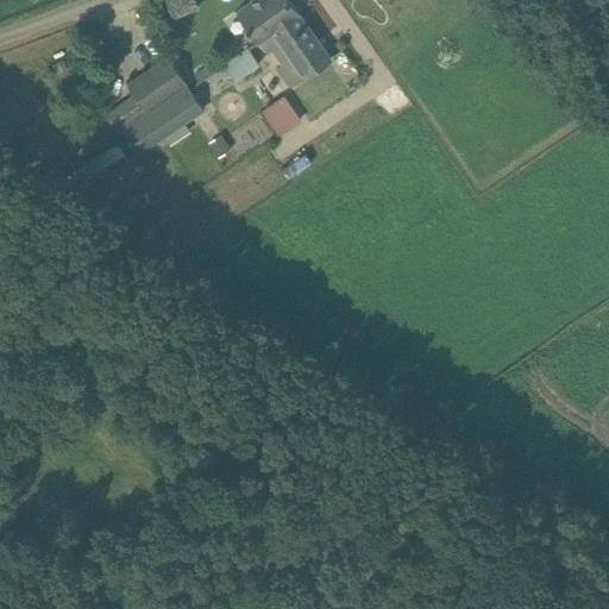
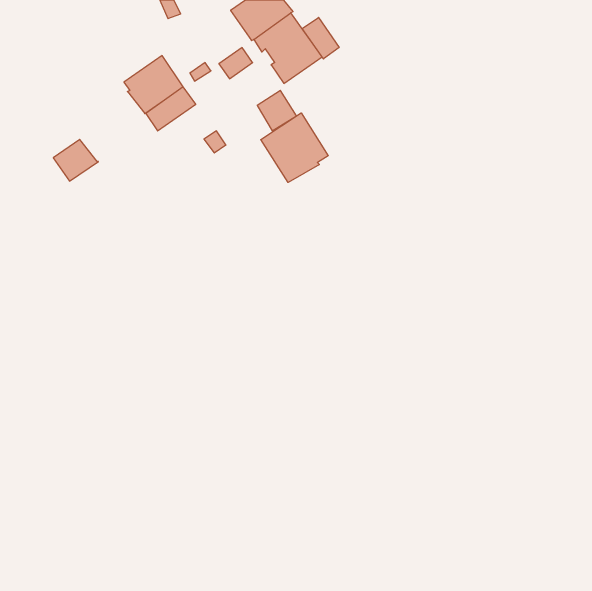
building: none -> [302,17,339,59]
building: [103,95,150,138] -> [53,139,98,181]
building: none -> [261,113,328,182]

